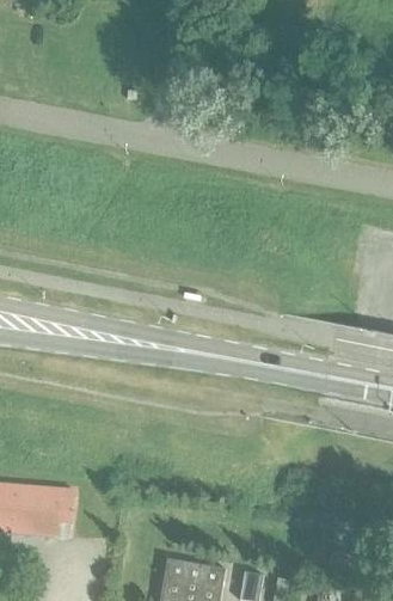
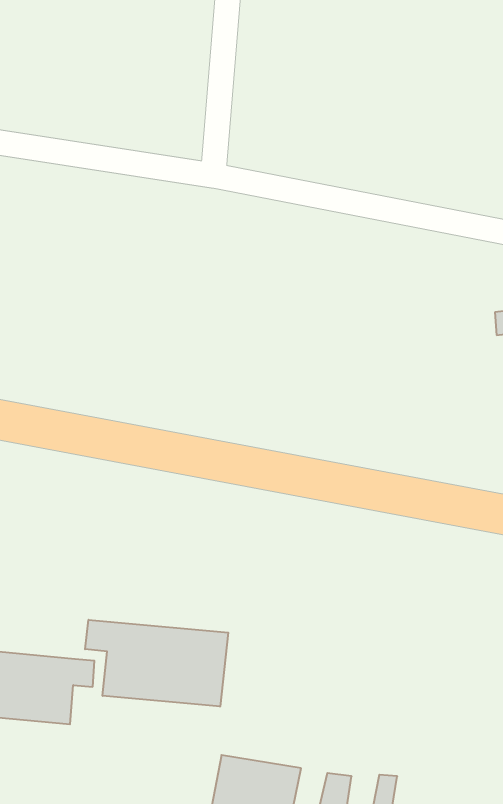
building: none -> [85,620,228,707]

